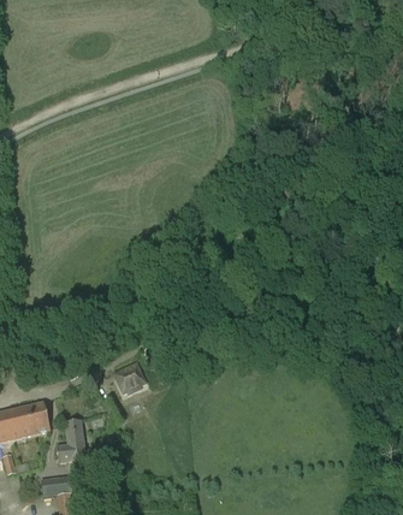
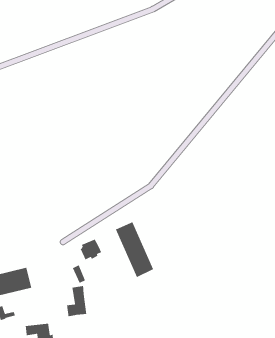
building: none -> [115,221,154,278]
building: [57,418,85,461] -> [66,285,87,317]

